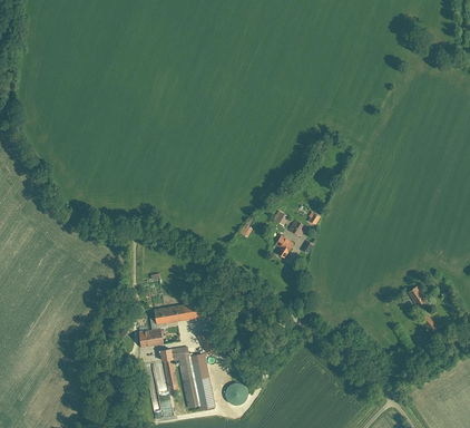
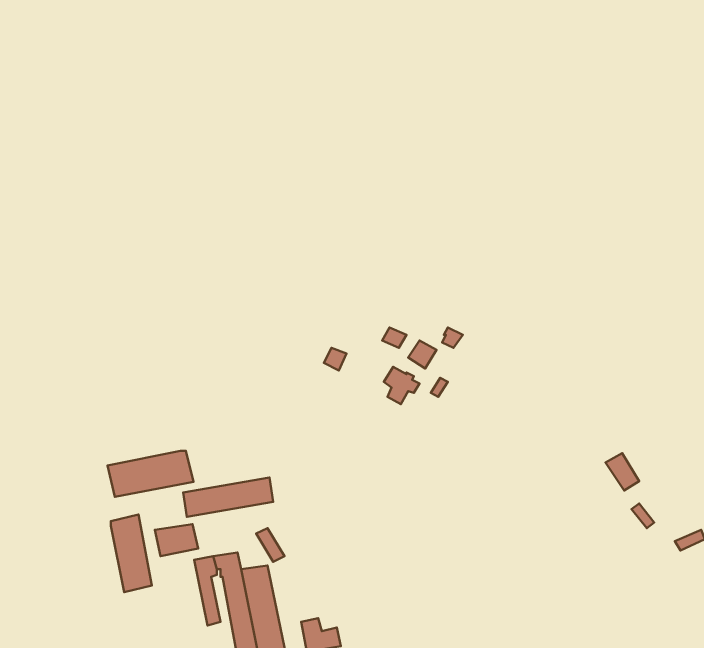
building: none -> [107,451,193,497]
building: none -> [111,514,152,592]

